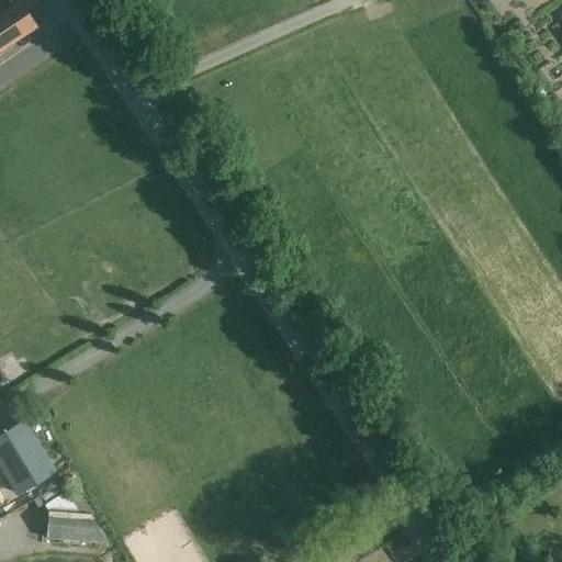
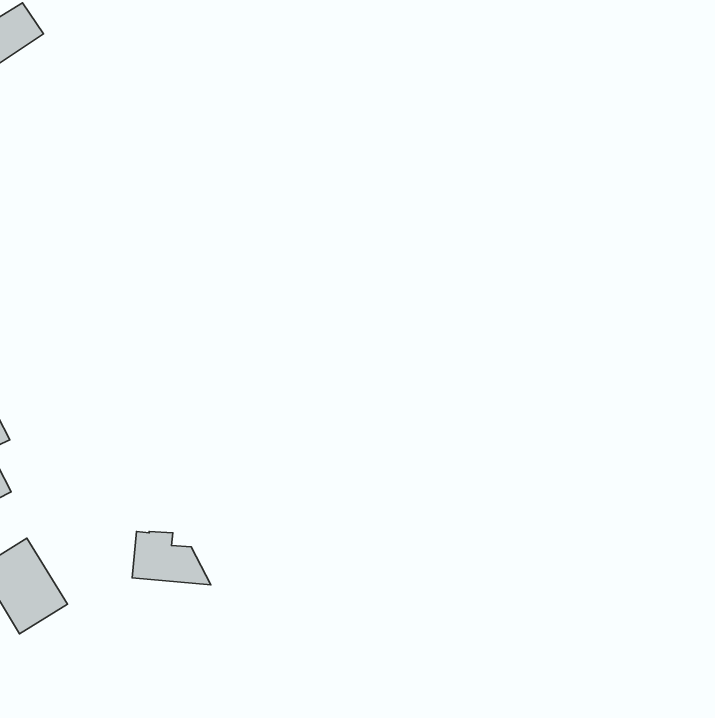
building: [45,502,106,543] -> [132,531,211,585]

